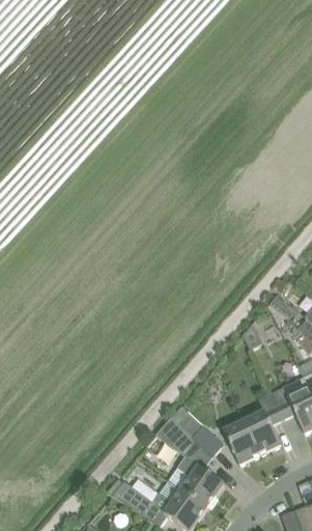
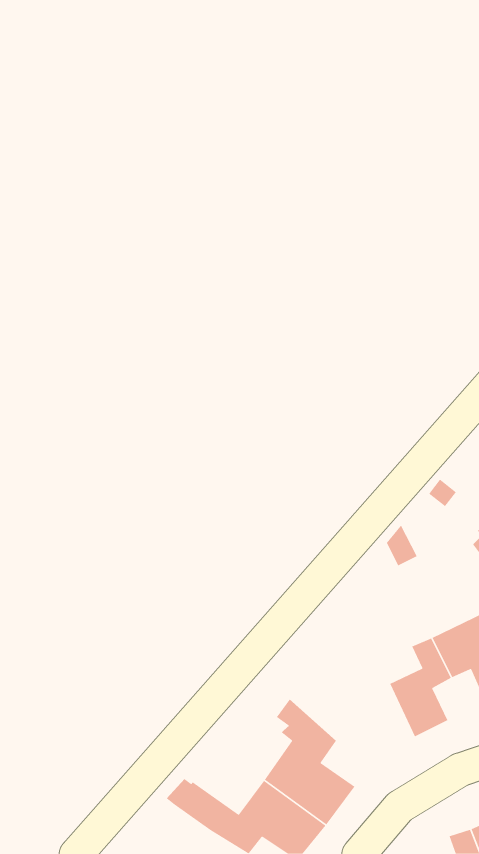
building: [171,407,224,456] -> none
building: [224,421,260,465] -> none

